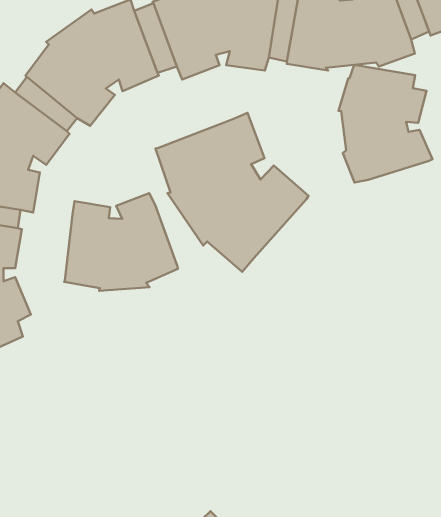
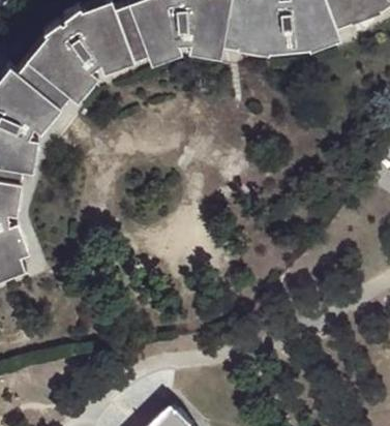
building: [338,65,433,182] -> none
building: [155,113,309,272] -> none
building: [64,193,178,291] -> none

